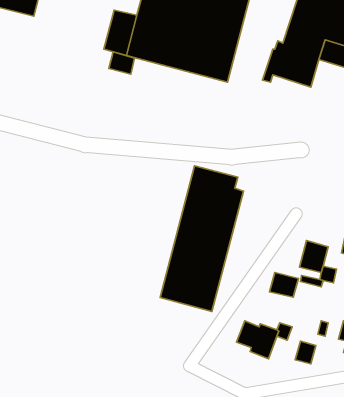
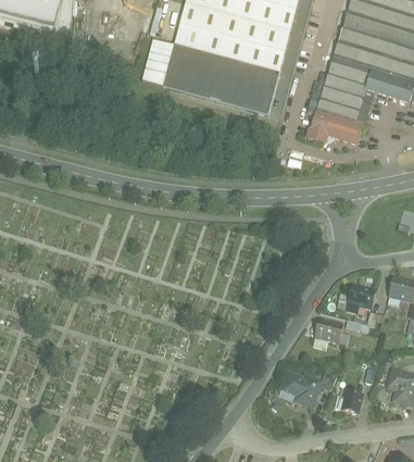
building: [109,52,135,74] -> none
building: none -> [309,105,366,142]
building: [160,166,243,312] -> none

